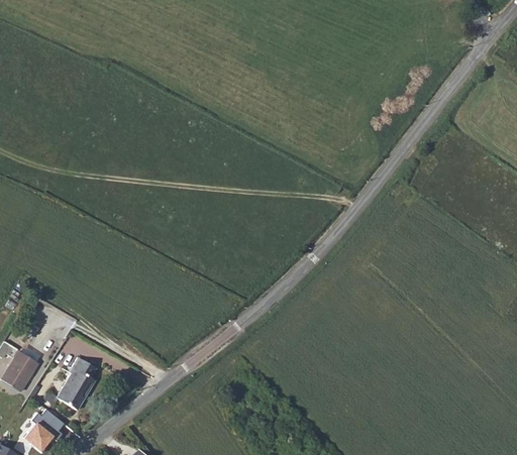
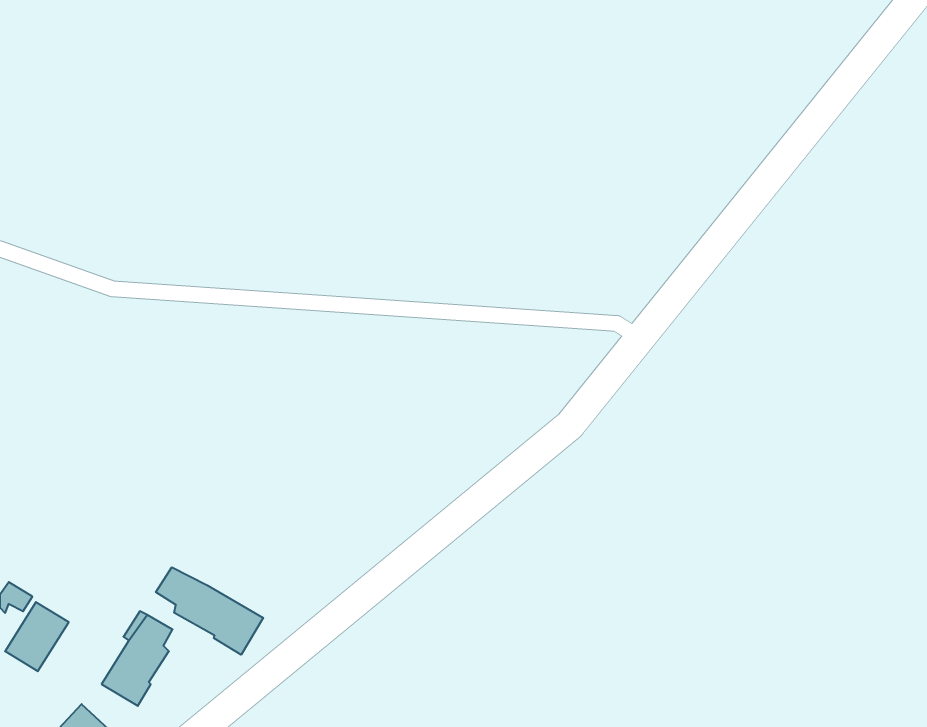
building: none -> [156,567,263,655]

